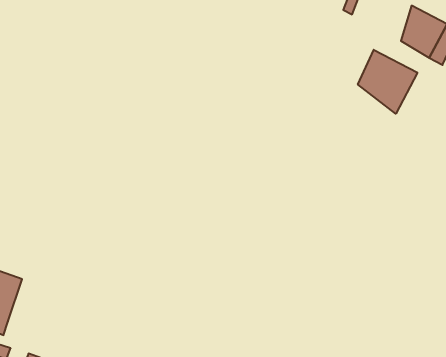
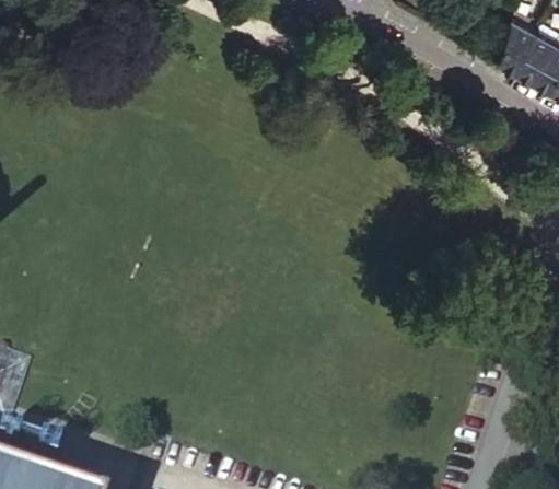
building: [358,50,417,114] -> none

